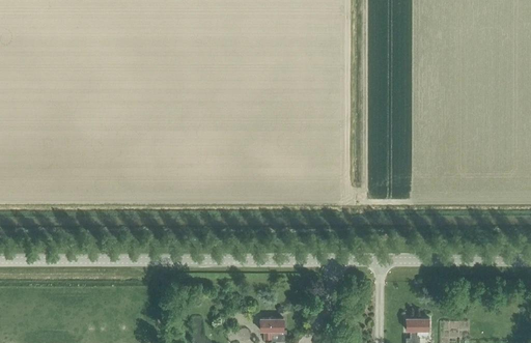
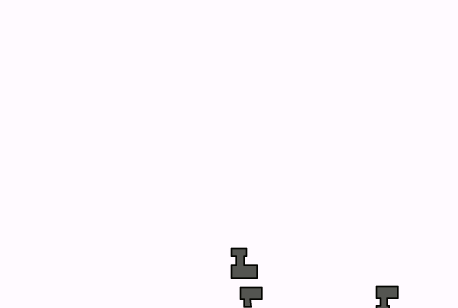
building: none -> [231,248,257,278]

